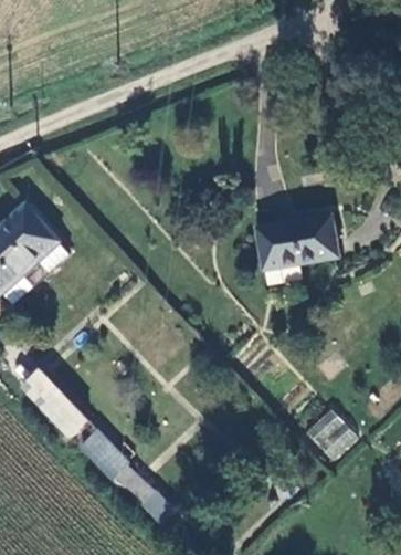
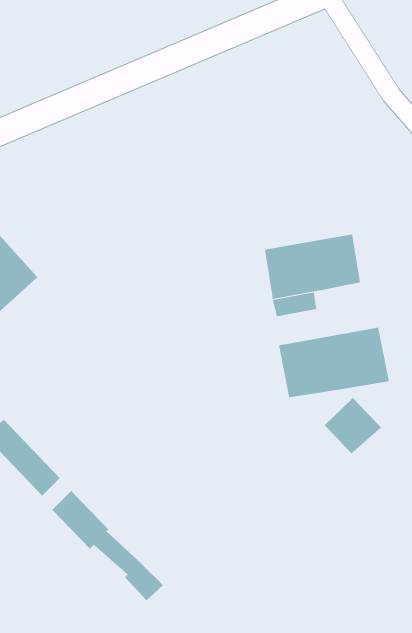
building: none -> [278,327,390,398]
building: [304,407,352,454] -> [324,397,382,454]

